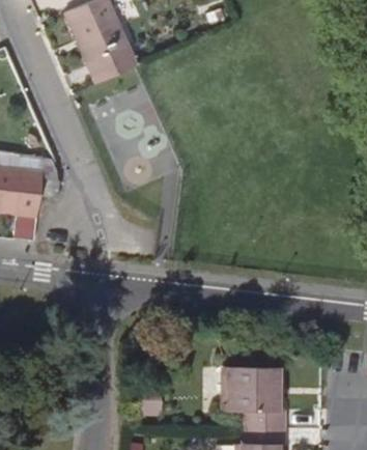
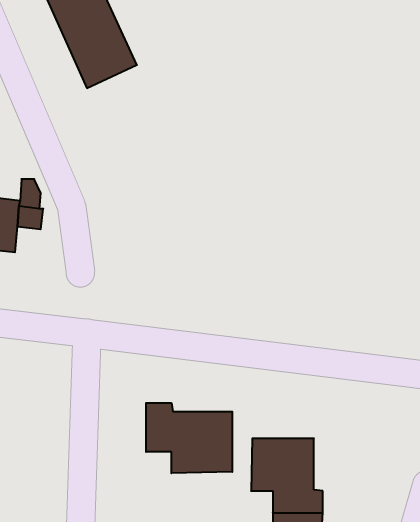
building: none -> [146,403,232,473]

